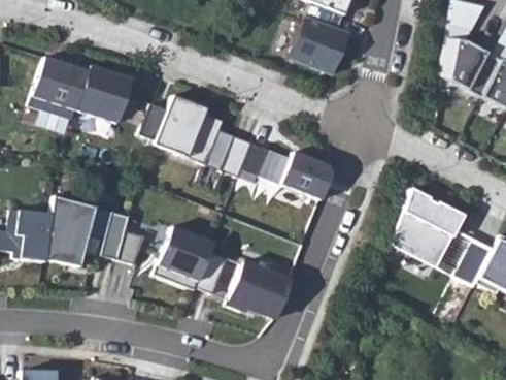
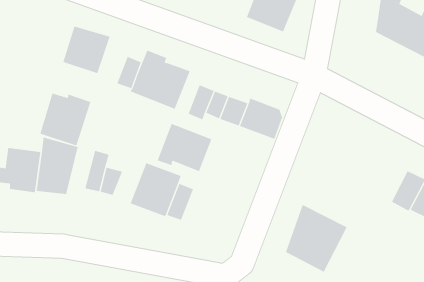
building: [30,57,90,119] -> [39,93,91,146]
building: [396,185,468,264] -> [285,204,347,273]
building: [227,261,291,318] -> [157,123,212,172]

